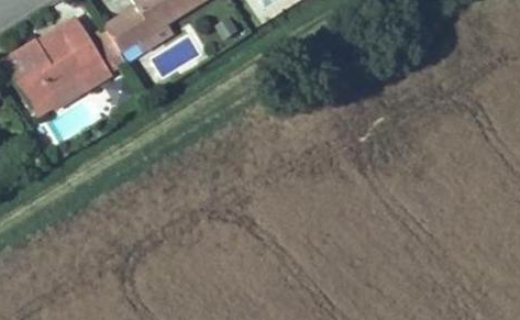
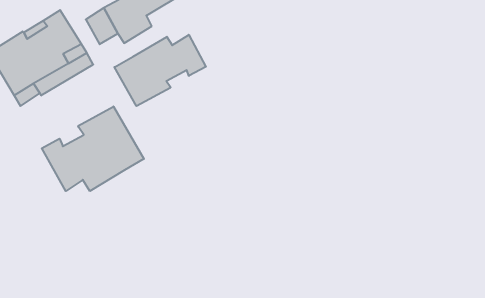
building: none -> [114,35,206,106]
building: none -> [42,106,144,191]

